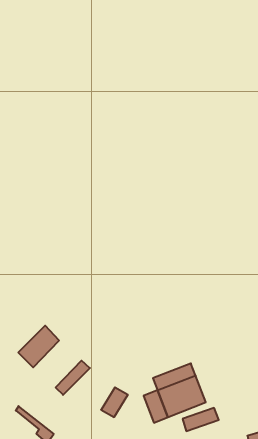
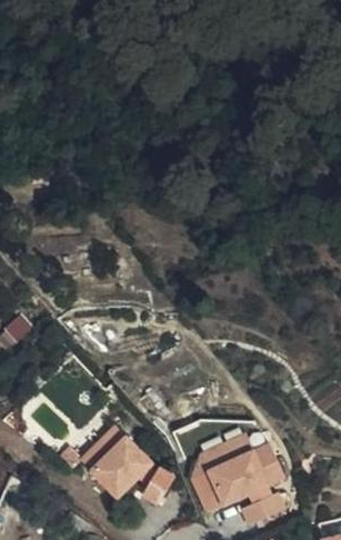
building: [18,326,59,367] -> [97,444,146,494]

